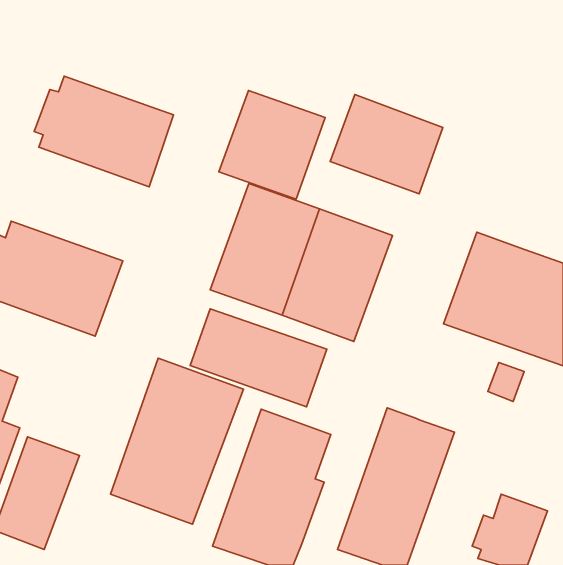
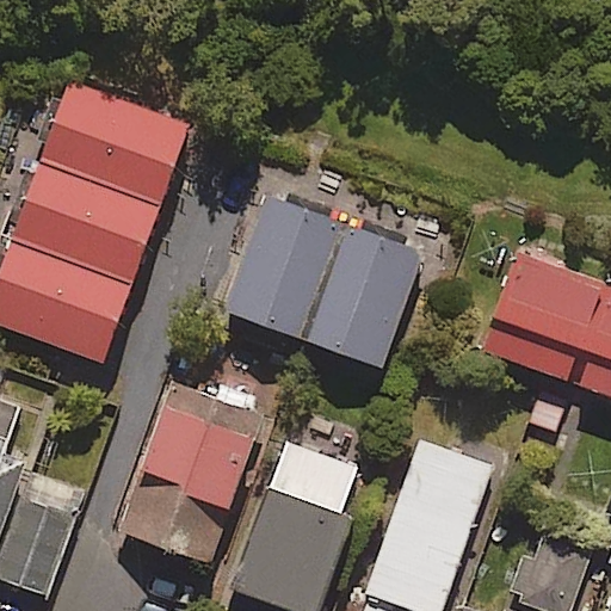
building: [219,91,325,199] -> none
building: [330,94,443,194] -> none
building: none -> [5,159,161,282]
building: [190,309,327,407] -> none

